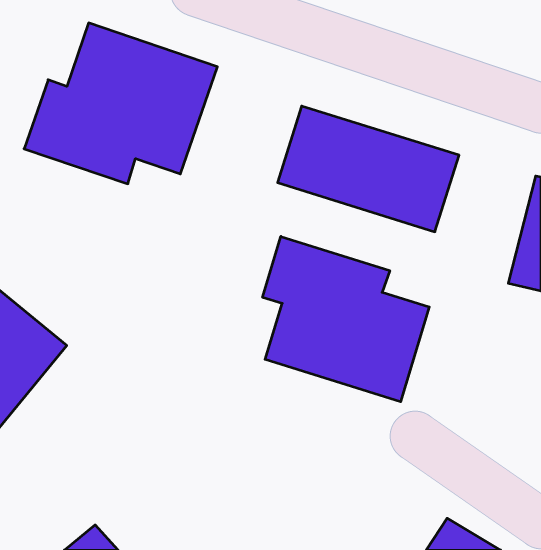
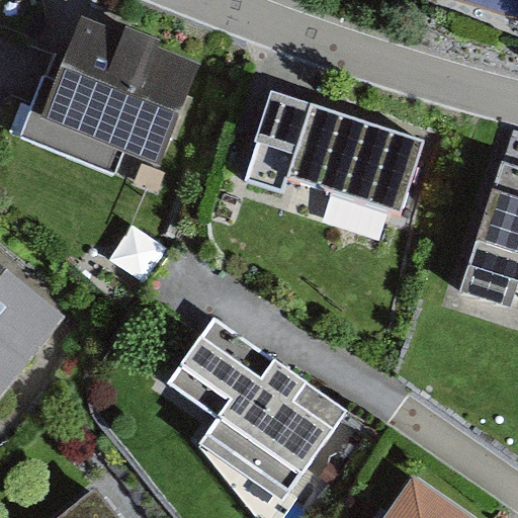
building: [263,236,429,402] -> none
building: none -> [173,324,341,501]

